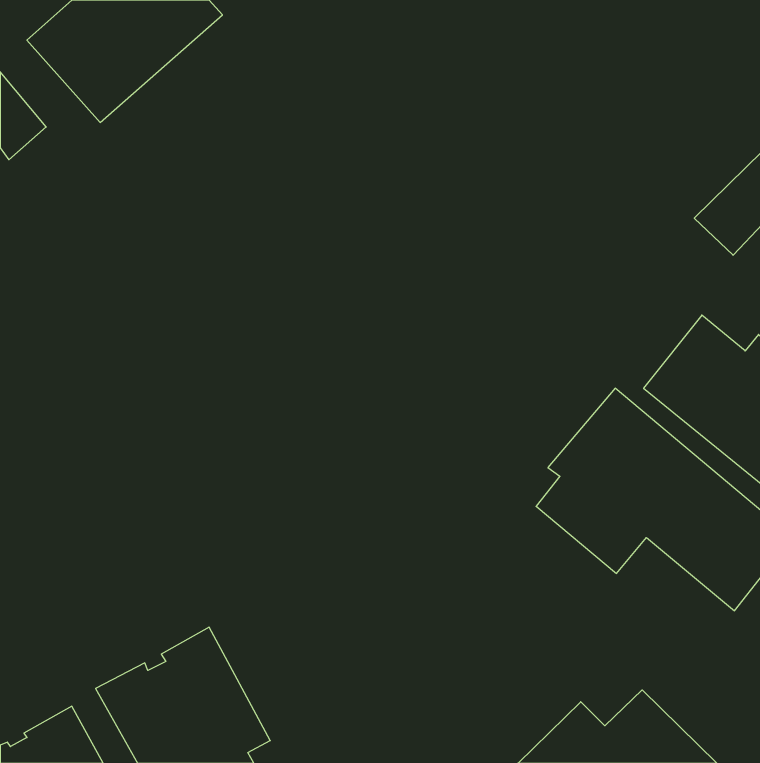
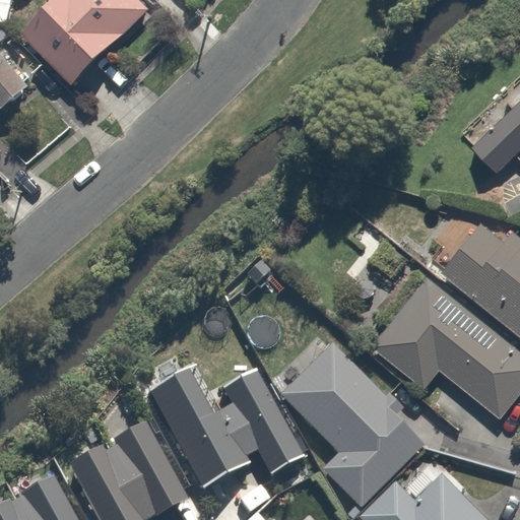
building: none -> [277,332,418,506]
building: none -> [150,373,305,492]

